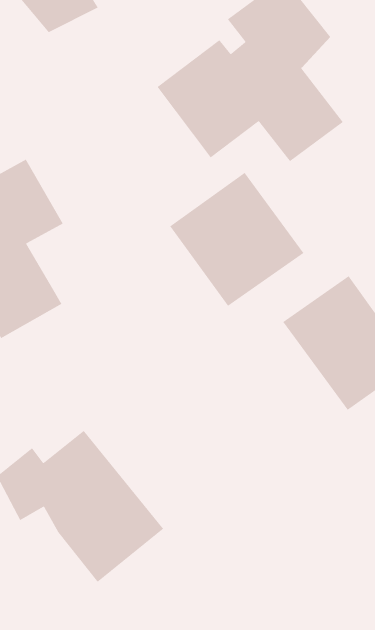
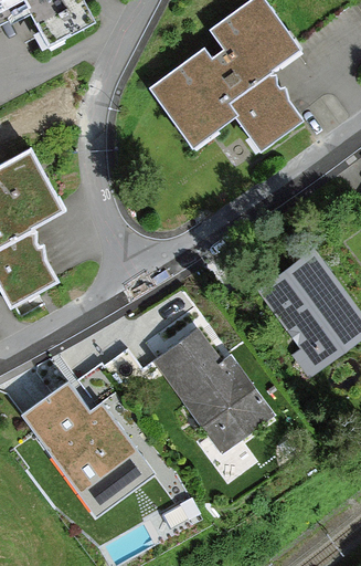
building: [169,172,305,307] -> none
building: none -> [142,322,274,460]

